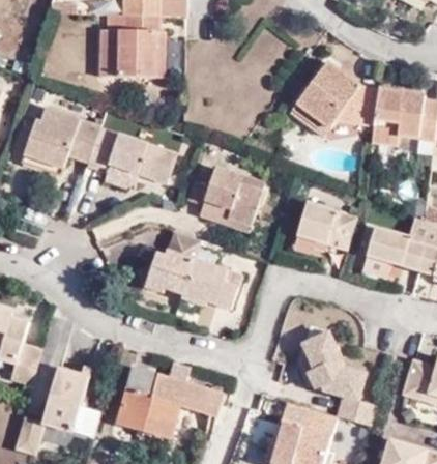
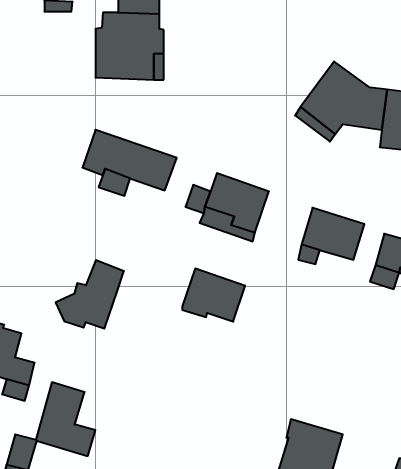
building: [20,105,100,176] -> none
building: [136,229,201,294] -> [56,260,124,329]
building: [303,330,377,426] -> none
building: [117,360,222,438] -> none

